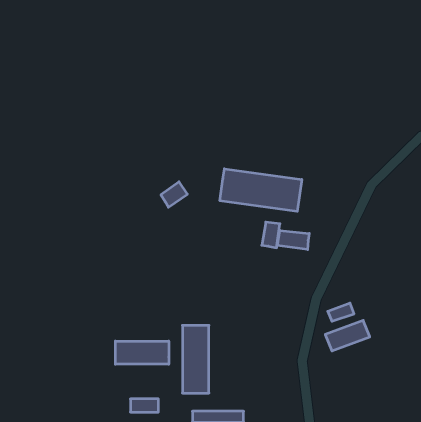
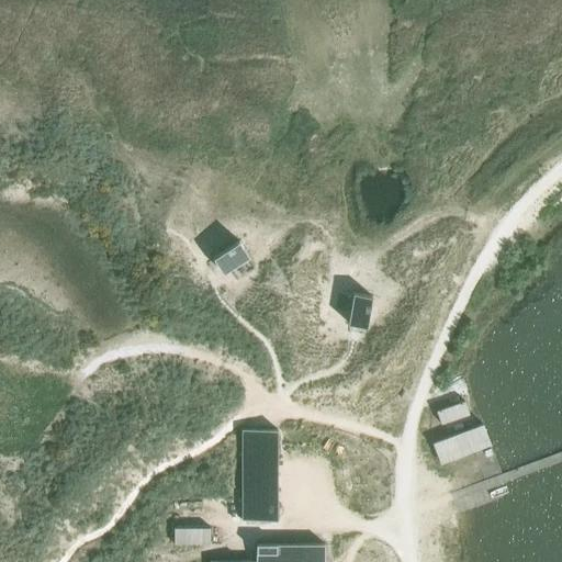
building: [220,169,302,211] -> none
building: [277,230,309,250] -> none
building: [115,341,169,364] -> none

